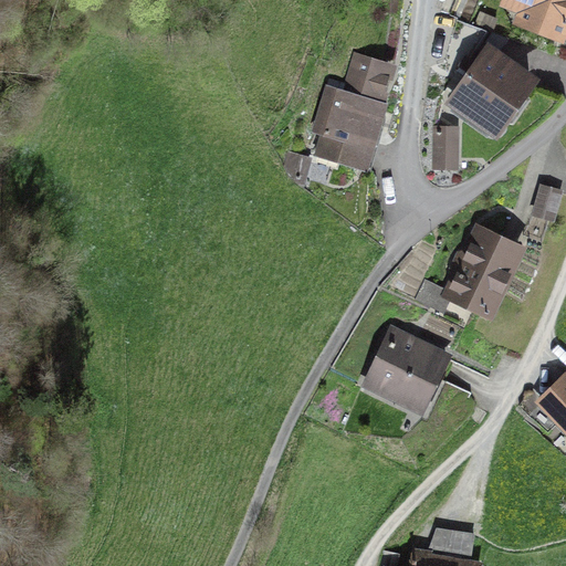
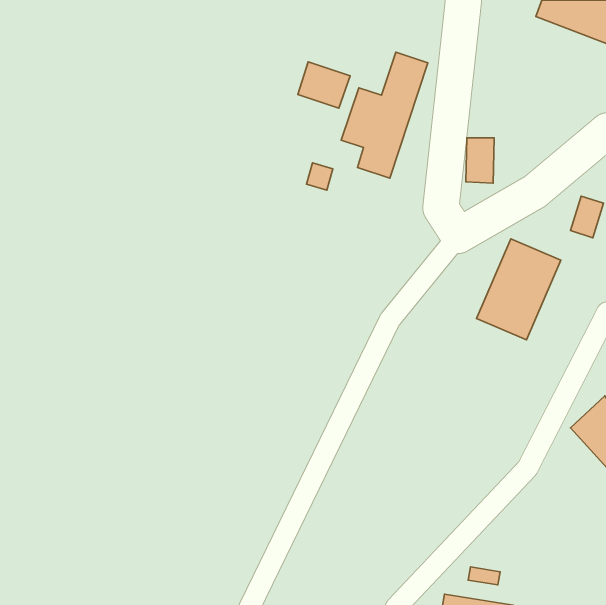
building: [443,43,535,137] -> none
building: none -> [298,62,350,108]
building: [364,328,446,412] -> none

